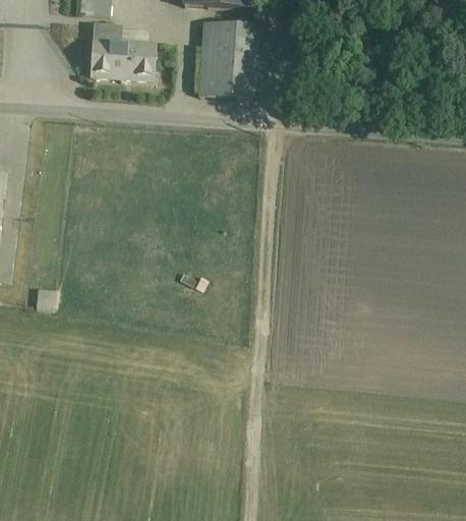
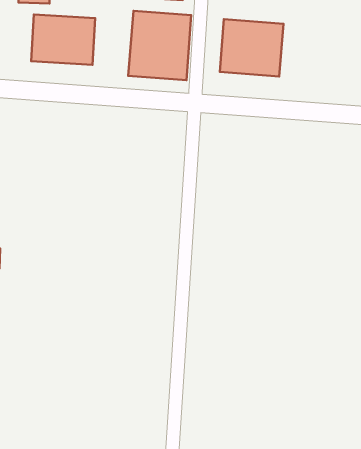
building: none -> [220,19,283,76]

